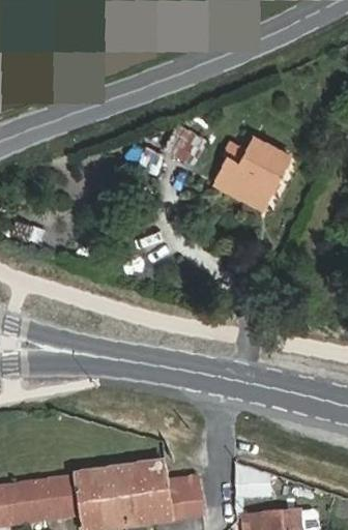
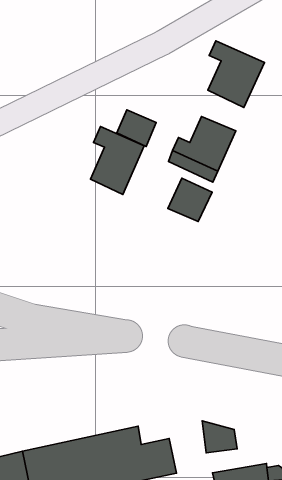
building: none -> [208,41,264,108]
building: none -> [91,127,144,194]
building: none -> [168,178,212,222]

